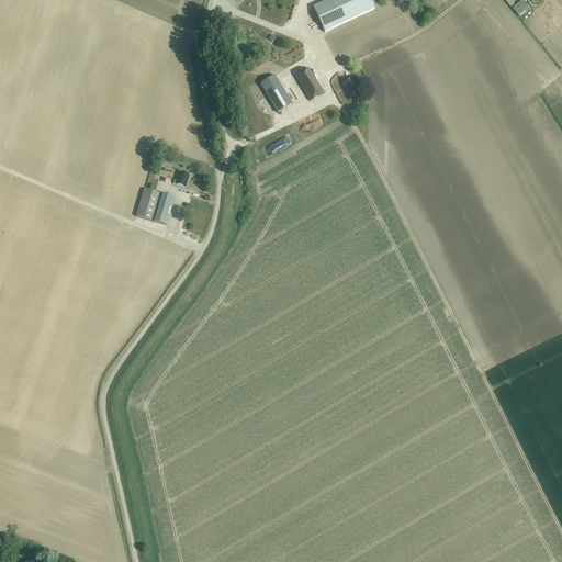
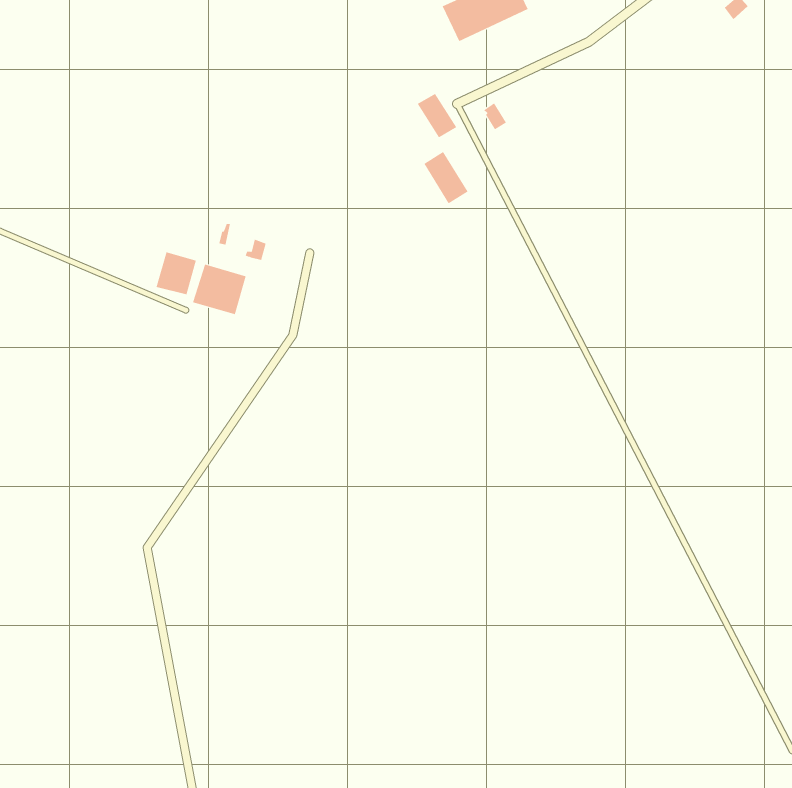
building: [260,72,292,110] -> [423,151,468,204]
building: none -> [156,251,197,295]

